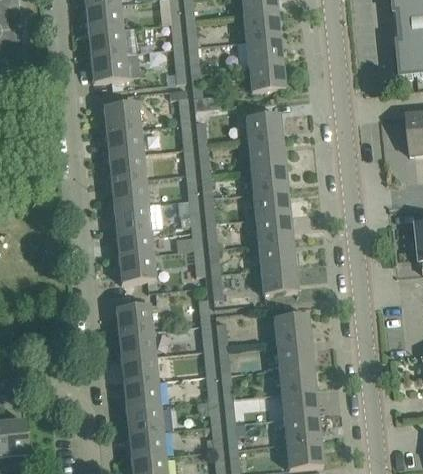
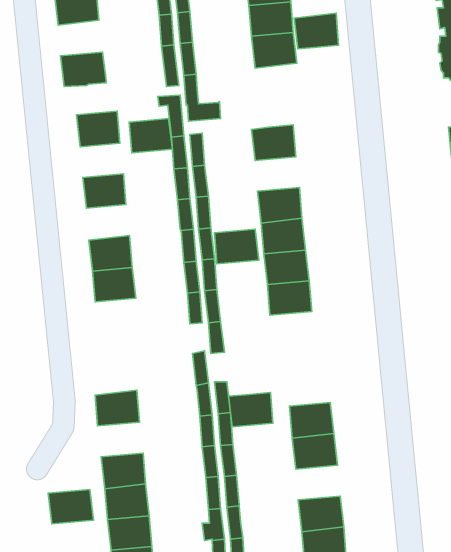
building: [89,27,125,56] -> none
building: [249,62,285,91] -> [294,13,339,49]
building: [107,127,142,155] -> [129,118,172,153]
building: [249,138,285,166] -> [214,229,259,264]
building: [112,177,147,206] -> none
building: [119,253,154,282] -> none
building: [261,264,298,293] -> none
building: [116,303,153,332] -> none
building: [274,313,310,341] -> [229,392,273,427]
building: [121,354,158,382] -> [48,489,94,524]
building: [282,389,318,417] -> none

